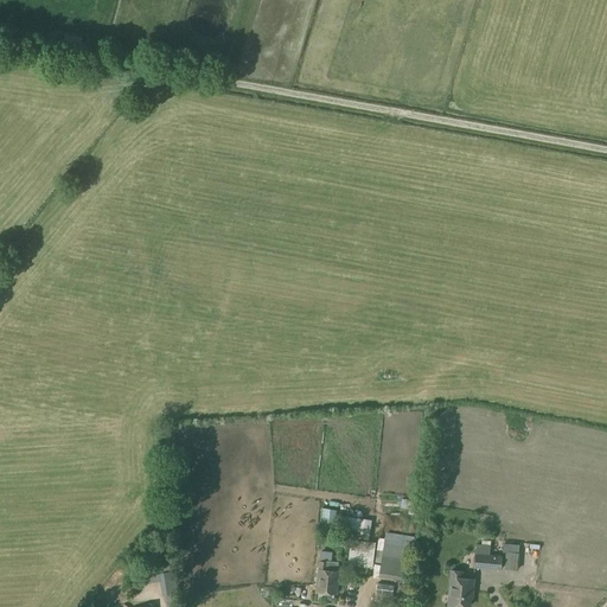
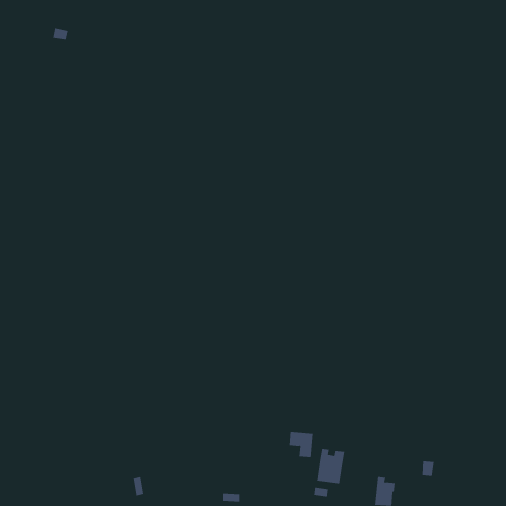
building: [474,543,501,570] -> none
building: [317,560,339,592] -> none

